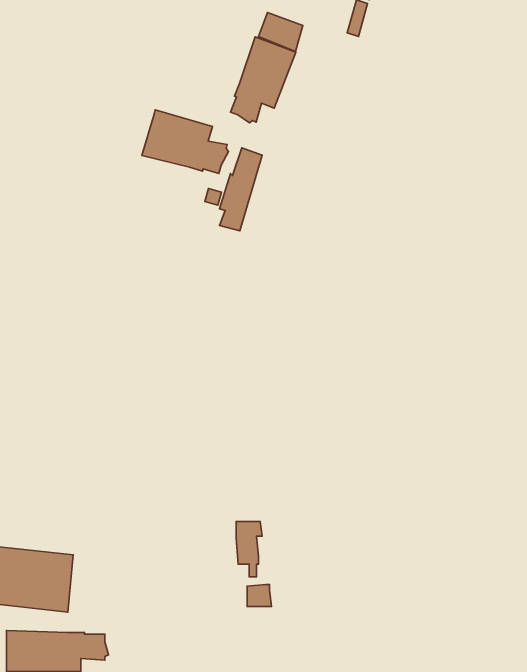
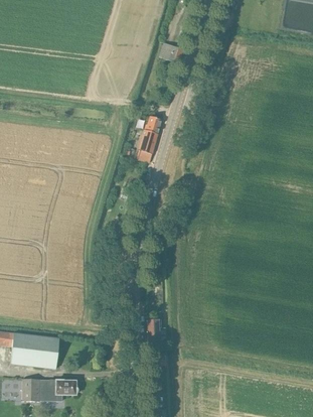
building: [230,37,296,123] -> none
building: [142,110,228,174] -> none

